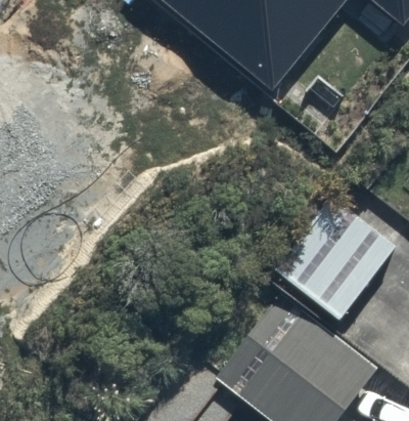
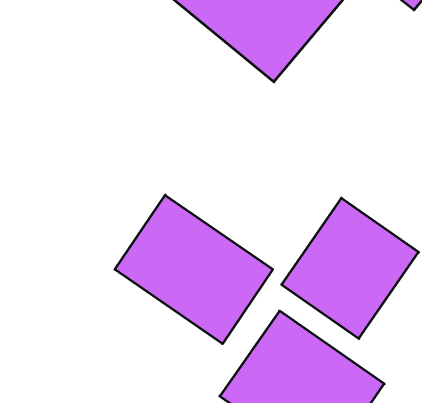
building: none -> [115,195,273,344]

